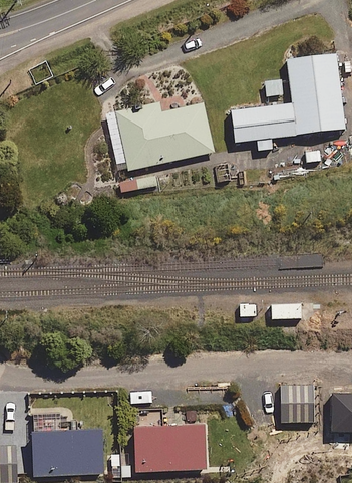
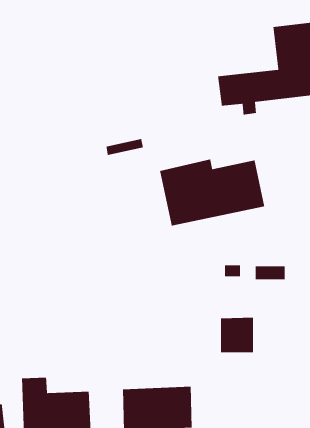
building: [105,102,213,172] -> [159,159,265,227]
building: [279,385,313,422] -> [220,317,254,353]

